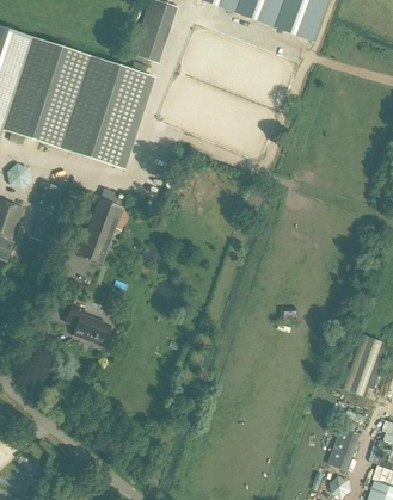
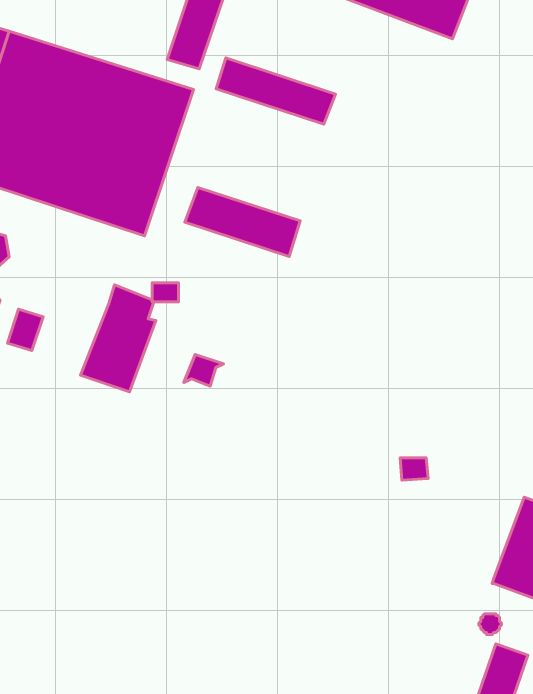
building: none -> [216,58,335,124]
building: none -> [185,188,300,257]
building: [66,302,110,345] -> none

